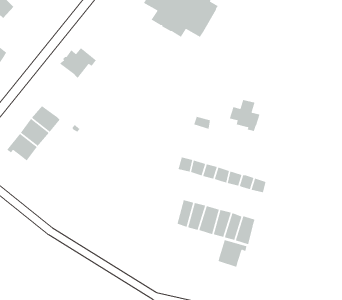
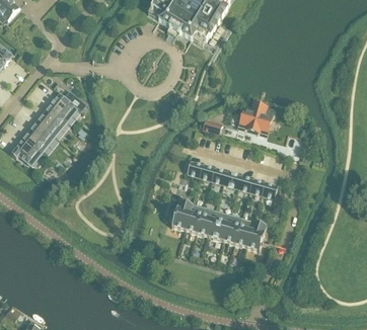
building: [59,47,97,79] -> [48,92,86,125]
building: none -> [171,200,193,231]
building: [217,239,248,268] -> none

